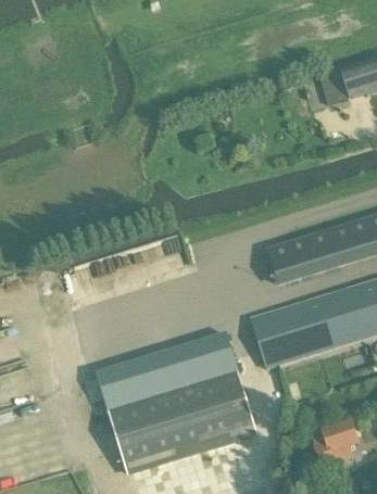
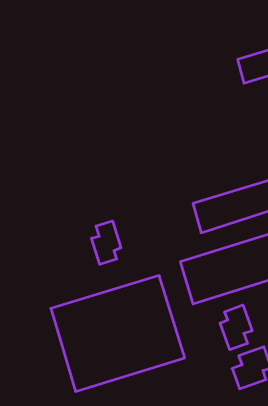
building: none -> [92,221,121,264]
building: none -> [220,305,252,350]

